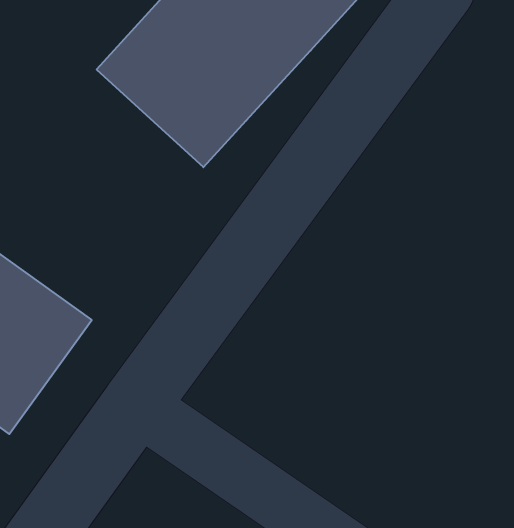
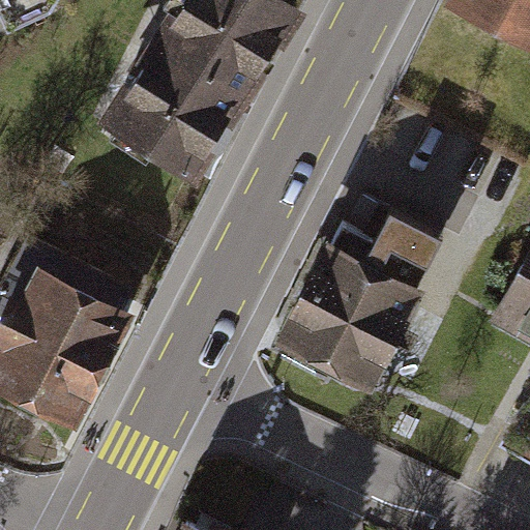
building: none -> [279,214,435,382]

